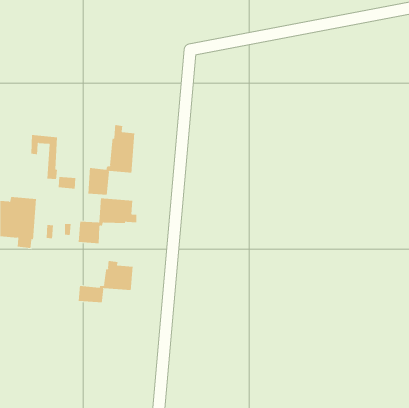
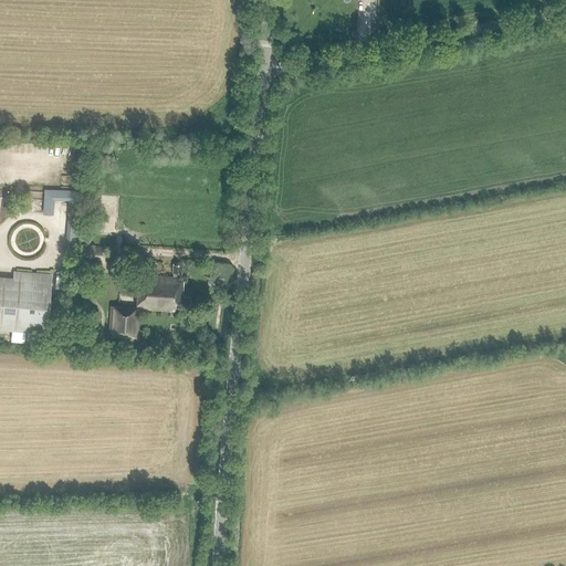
building: [88,124,135,195] -> none
building: [78,260,133,303] -> none

